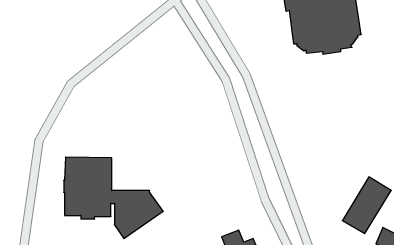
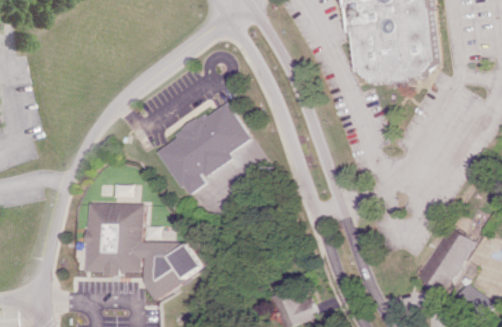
building: none -> [160,101,253,194]

